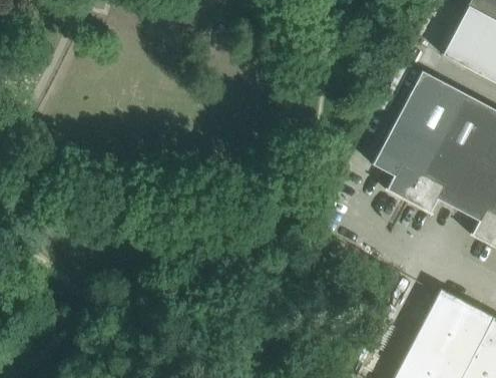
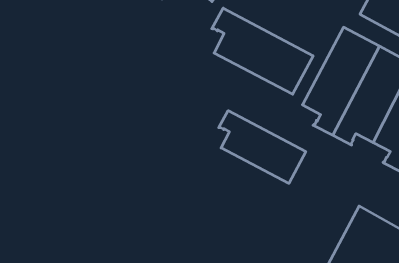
building: none -> [212,8,313,94]
building: none -> [219,111,306,183]

